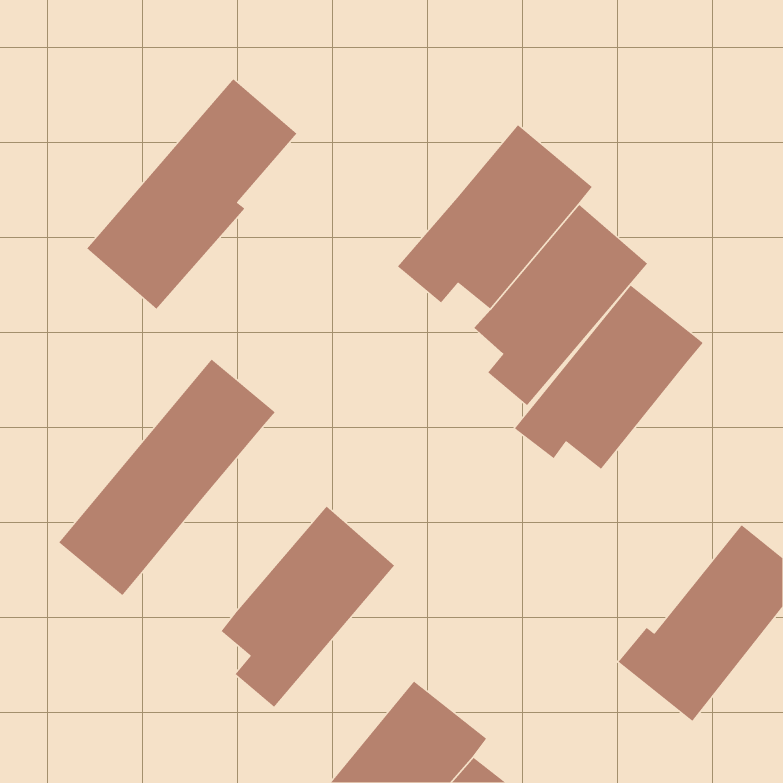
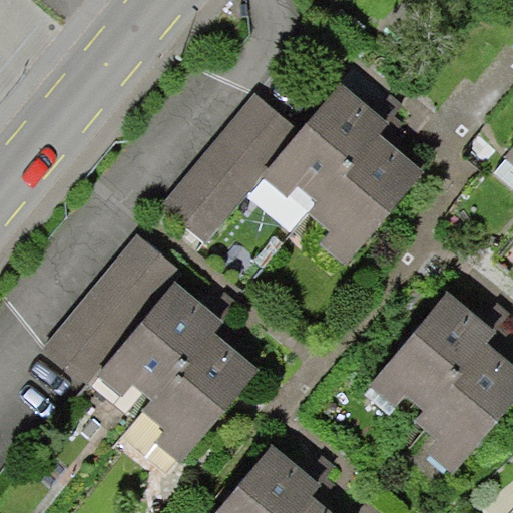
building: [86,78,298,310] -> [160,93,299,244]
building: [514,284,704,470] -> [371,293,495,414]
building: none -> [95,278,222,400]

